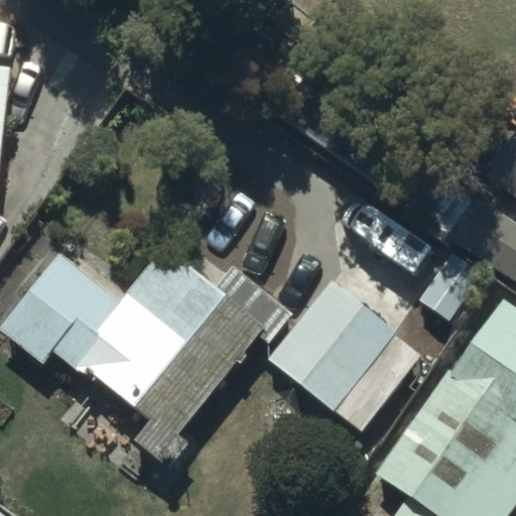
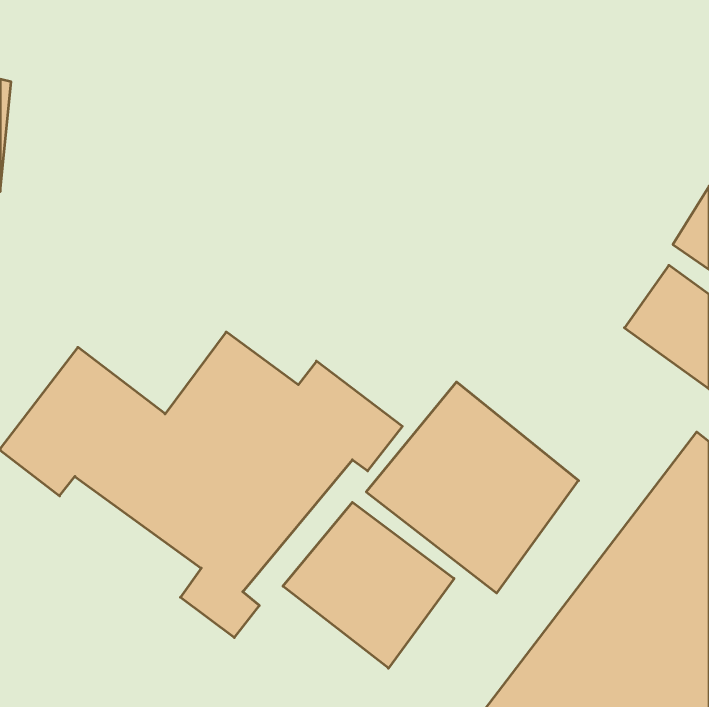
building: none -> [283,502,454,668]

